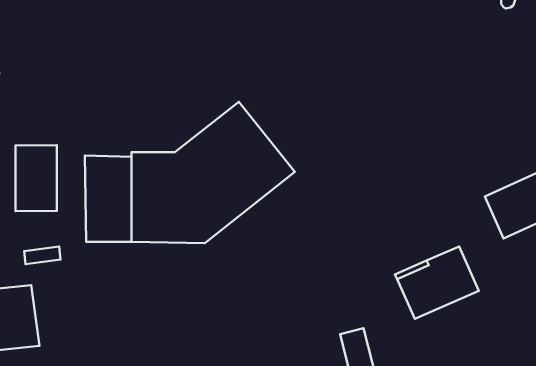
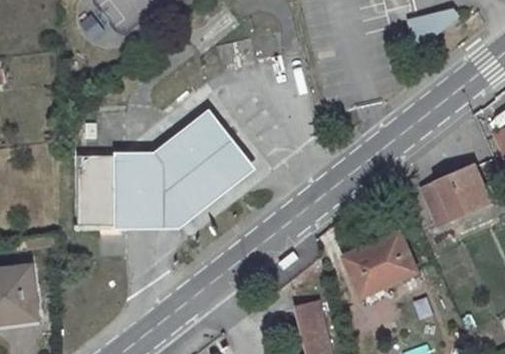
building: [15,145,57,211] -> none

